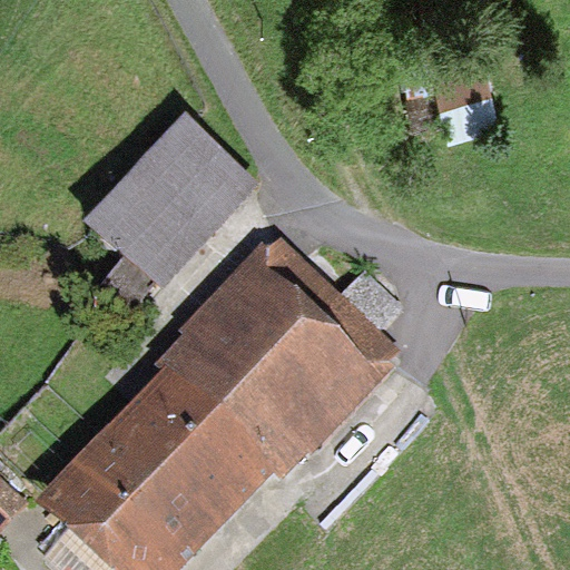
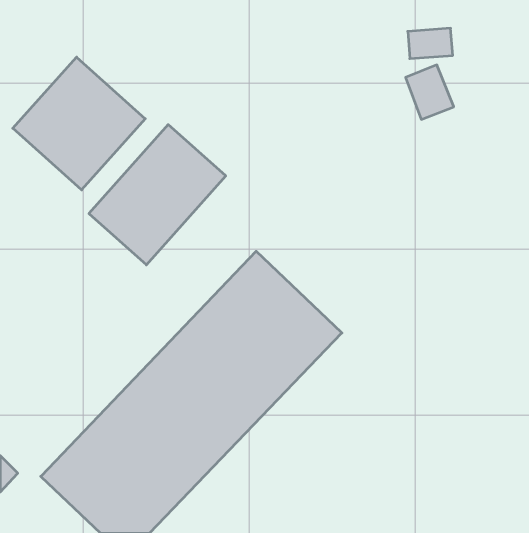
building: none -> [13,57,145,190]

